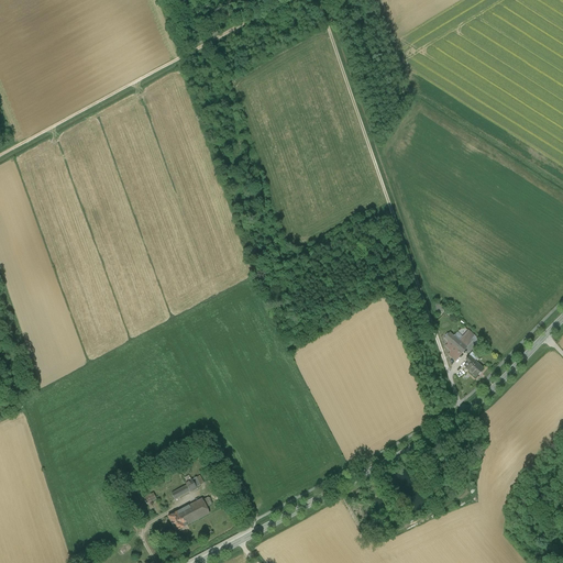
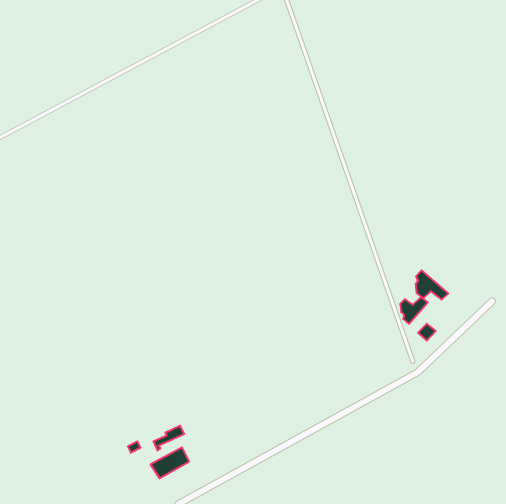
building: none -> [416,270,448,300]

